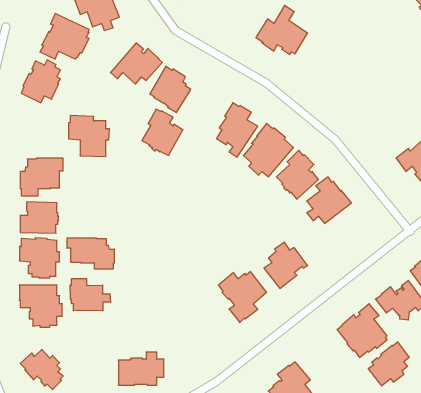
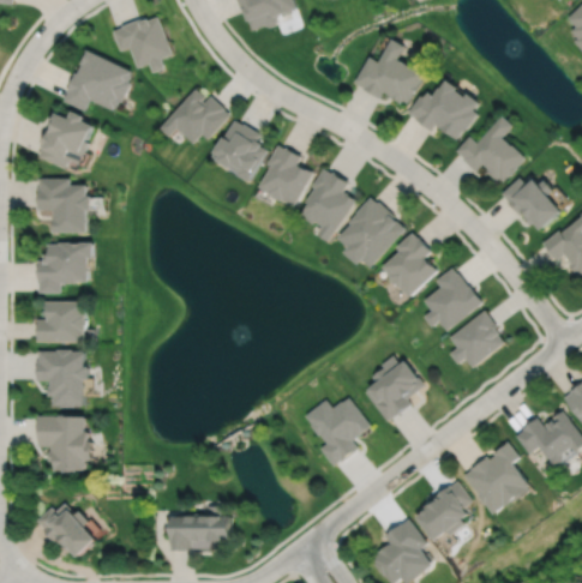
building: none -> [407,80,480,140]
building: none -> [456,116,527,182]
building: none -> [502,178,564,232]
building: [142,109,183,156] -> [258,145,313,208]
building: [69,116,110,157] -> [37,179,92,234]
building: none -> [449,311,504,368]
building: [67,238,114,269] -> none
building: [70,279,111,311] -> none
building: [368,342,409,386] -> [416,479,472,537]

